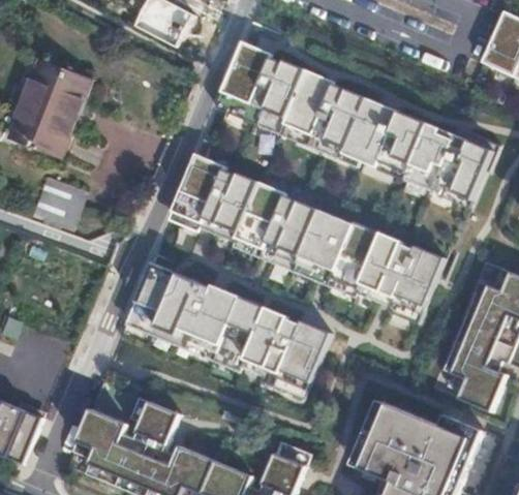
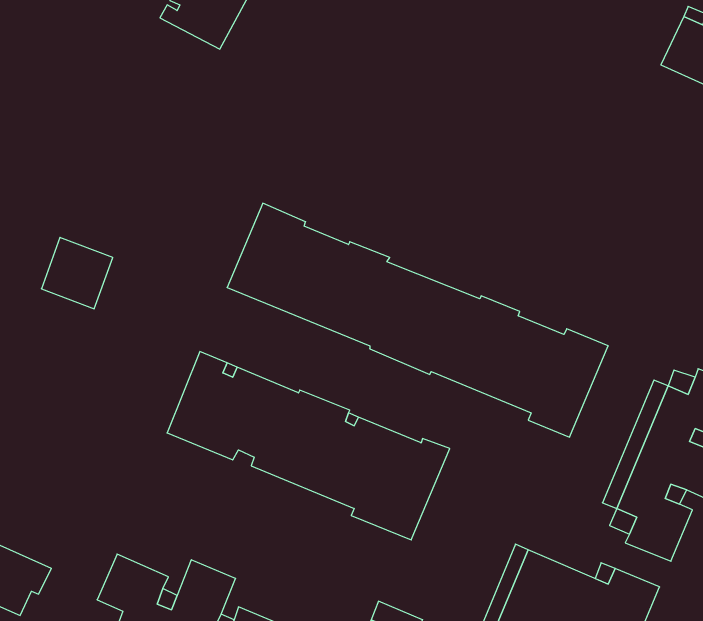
building: [214,40,498,205] -> none
building: [9,60,89,155] -> none

